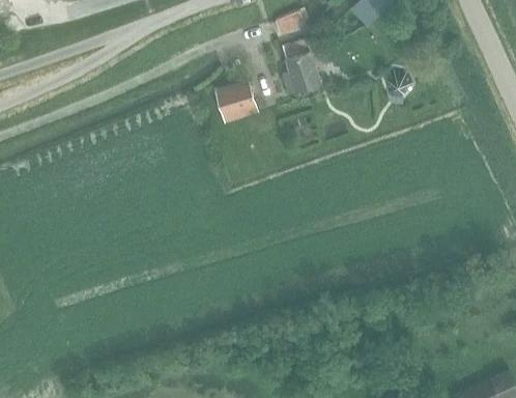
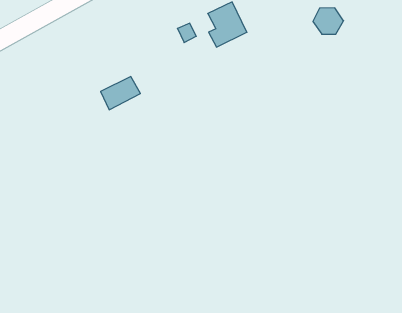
building: [217,84,254,112] -> [101,77,140,110]

